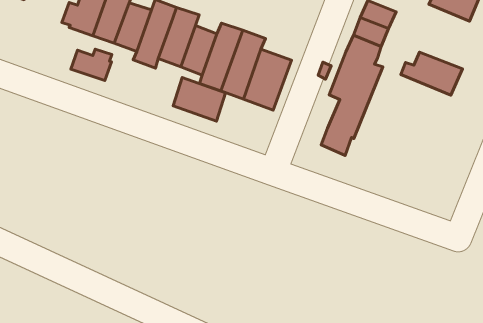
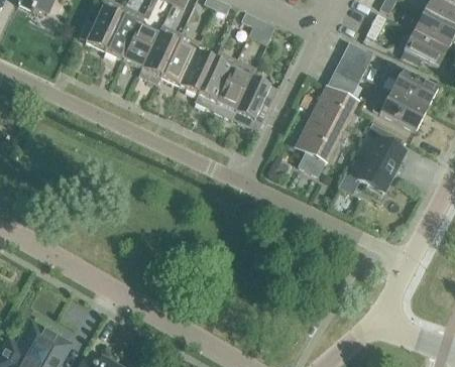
building: none -> [389,67,438,110]
building: [71,49,112,81] -> none
building: [173,77,226,121] -> none
building: none -> [356,123,405,197]

